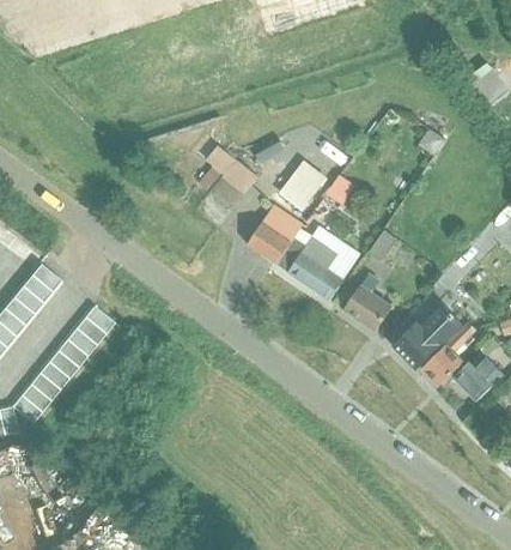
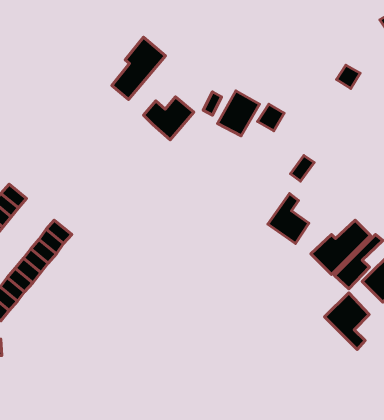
building: none -> [112,37,166,99]
building: [247,206,342,301] -> none
building: none -> [325,293,369,349]

